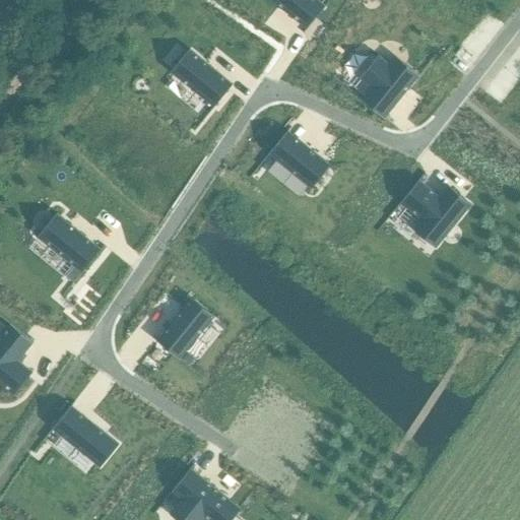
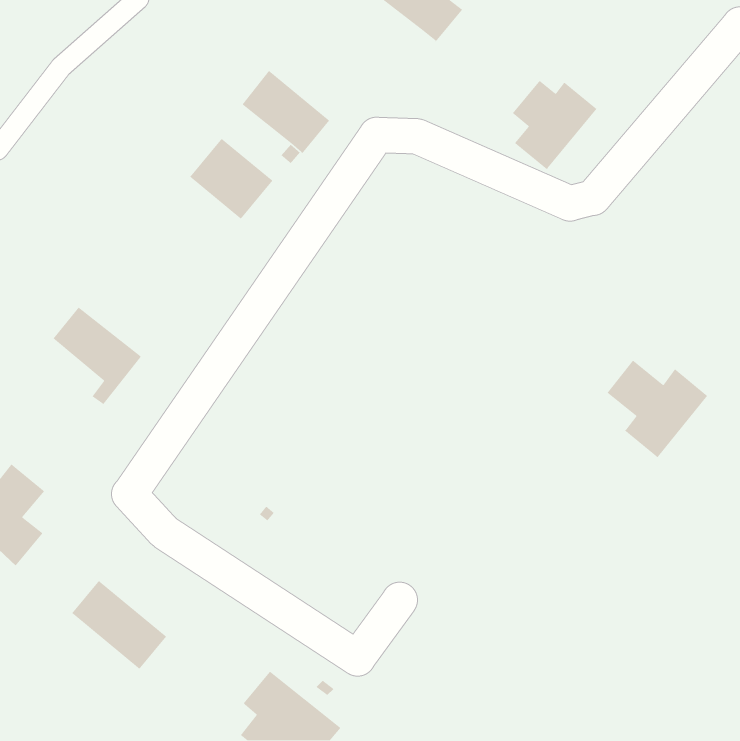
building: none -> [189,138,274,219]
building: [266,131,329,189] -> none
building: [398,180,469,249] -> [607,359,708,458]
building: [154,298,213,360] -> none

